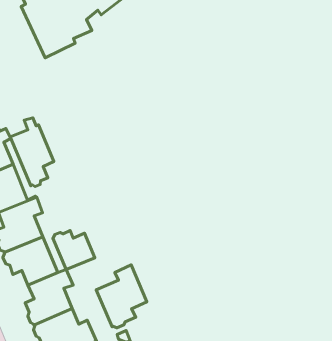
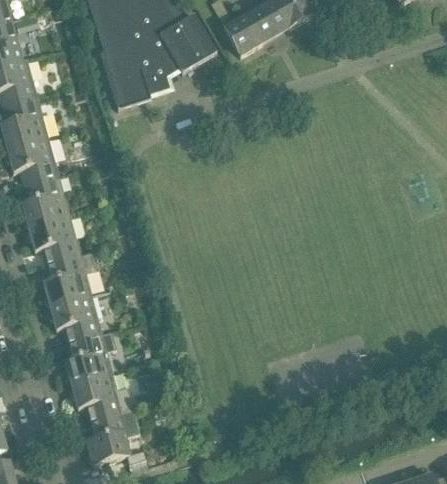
building: [10,118,54,187] -> none
building: [53,230,95,270] -> none
building: [96,265,147,328] -> none

